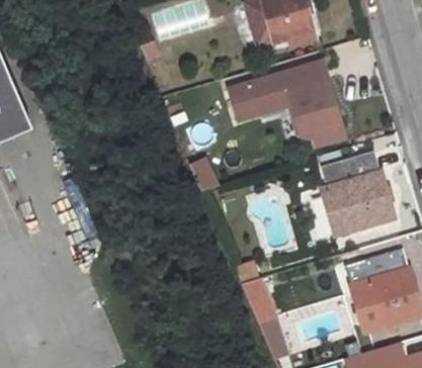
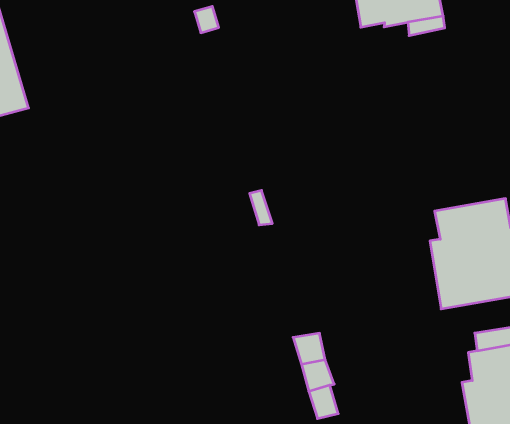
building: [230,65,342,137] -> none

